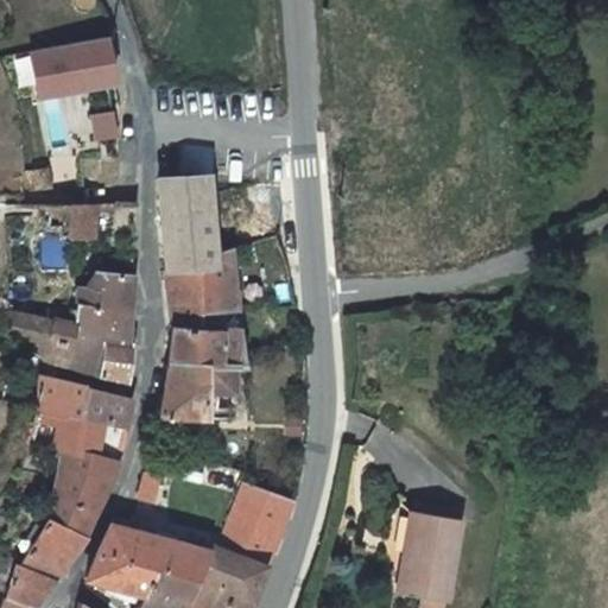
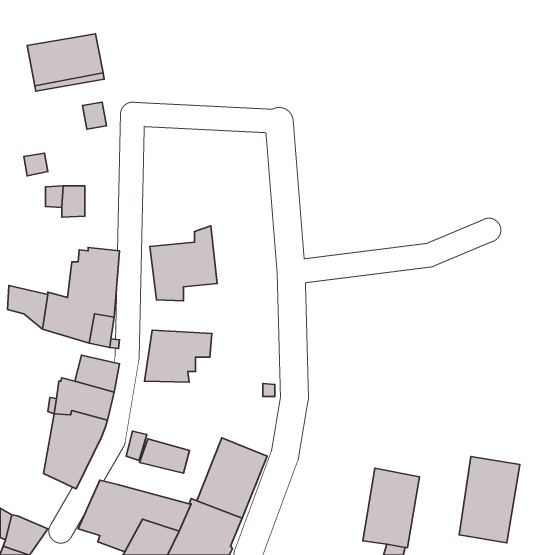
building: [162,175,216,270] -> none
building: [170,328,248,366] -> none
building: [38,378,93,417] -> none
building: none -> [140,439,189,473]
building: none -> [459,456,520,543]
building: [23,518,88,578] -> none

